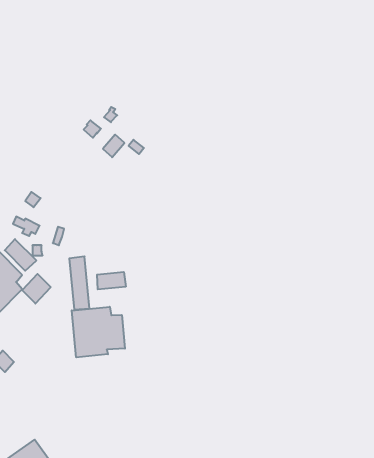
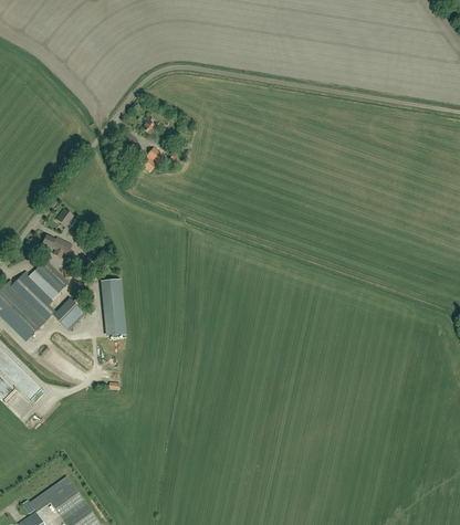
building: [97,272,126,289] -> none
building: [72,307,125,357] -> none

